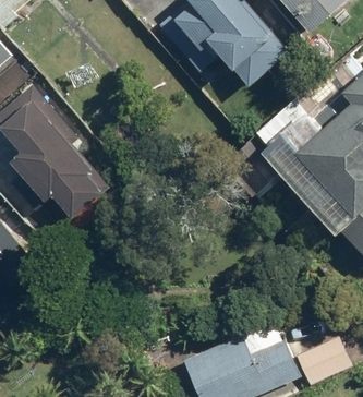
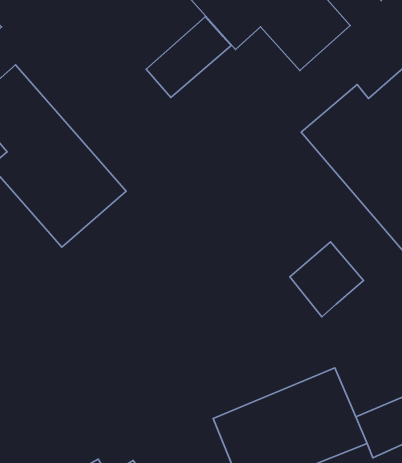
building: none -> [146,17,231,98]
building: none -> [290,242,364,317]

